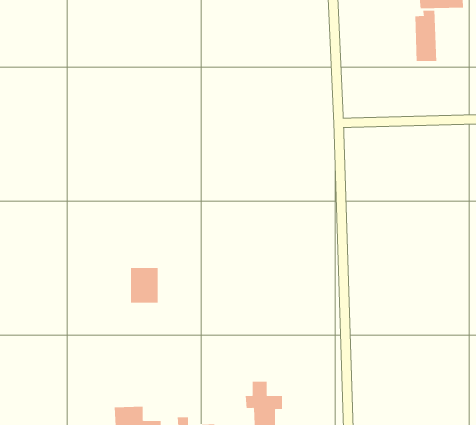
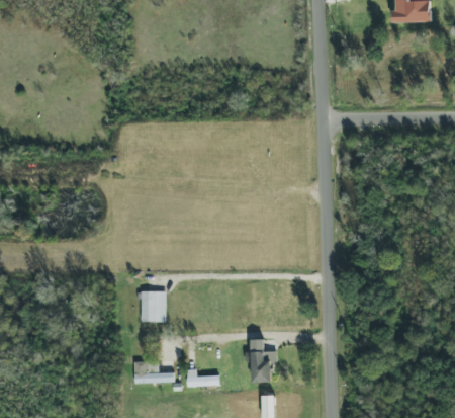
building: [415,10,437,62] -> none
building: [130,268,159,303] -> [141,290,165,321]

